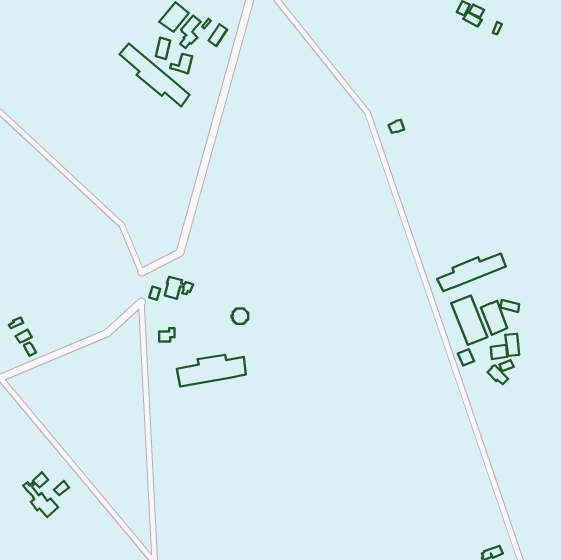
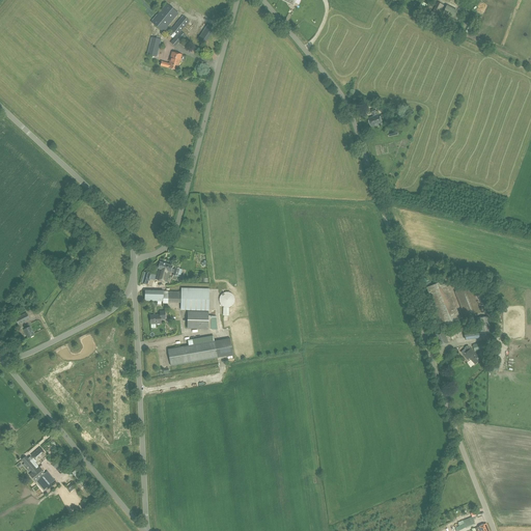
building: [120,43,189,106] -> none
building: [437,253,506,291] -> none
building: none -> [145,287,217,328]

